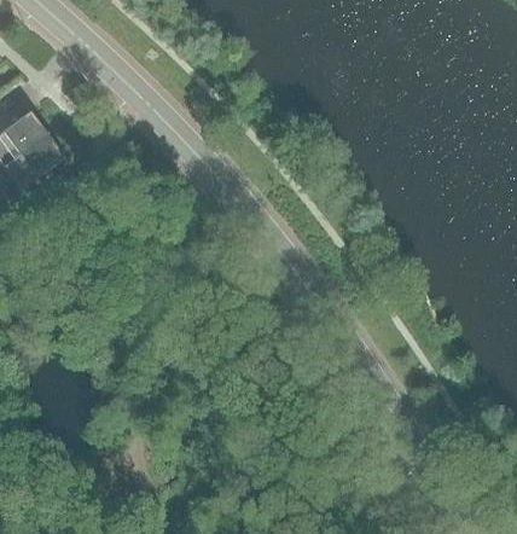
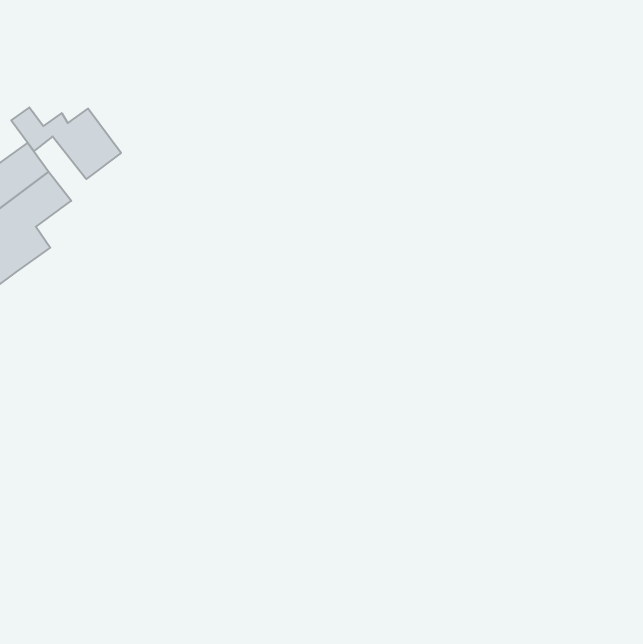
building: none -> [11,107,121,179]

